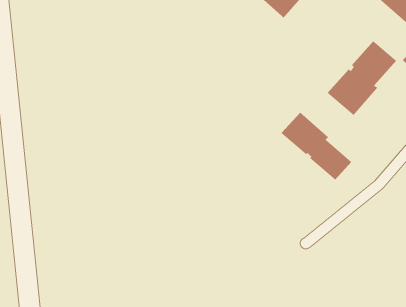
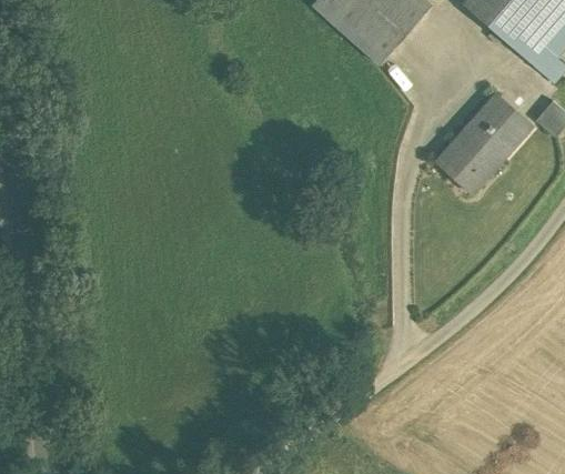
building: [281,112,352,181] -> none

